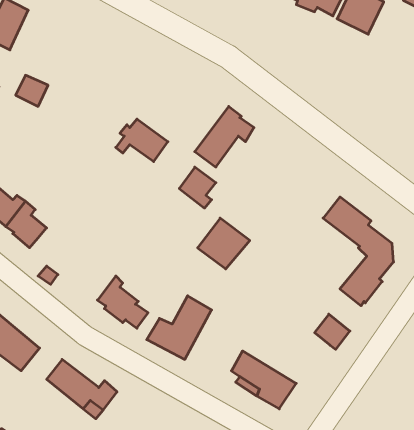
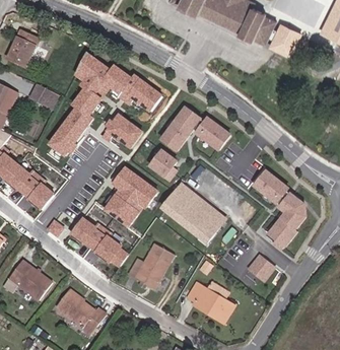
building: none -> [53,55,164,156]
building: none -> [197,119,231,151]
building: none -> [107,168,159,228]
building: none -> [185,204,222,241]
building: none -> [72,218,106,247]

